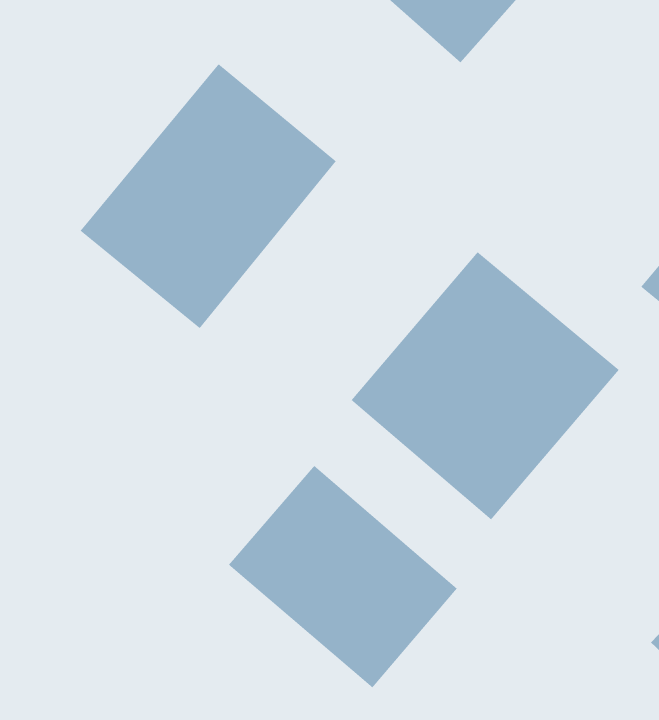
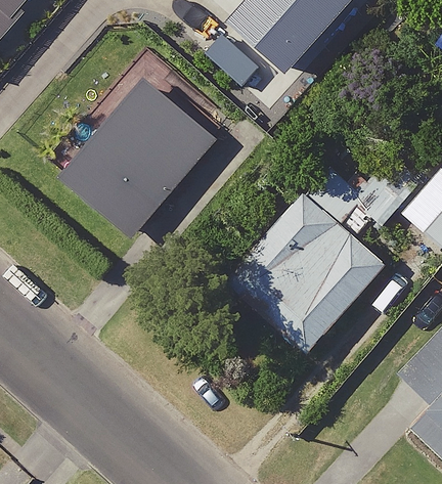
building: [228,465,458,689] -> none

